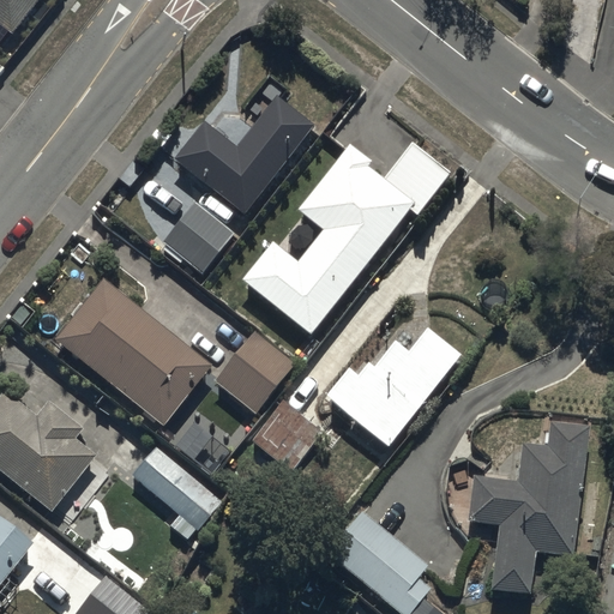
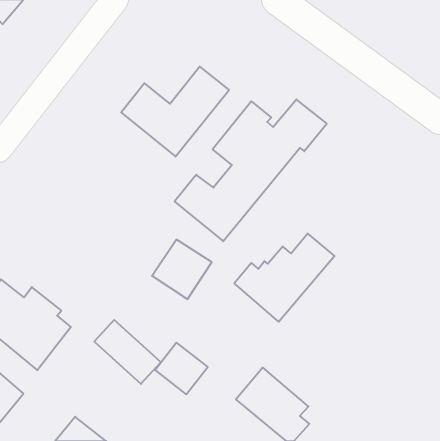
building: [157,198,234,275] -> none
building: [52,278,207,423] -> none
building: [248,399,321,471] -> [155,343,208,394]
building: [466,423,585,592] -> none

